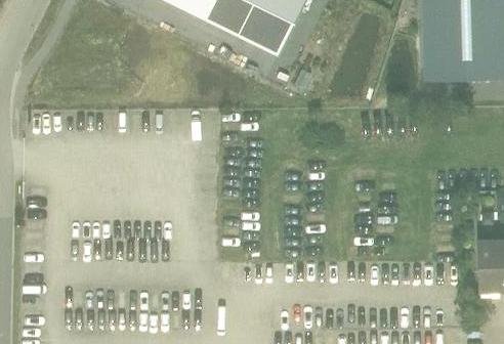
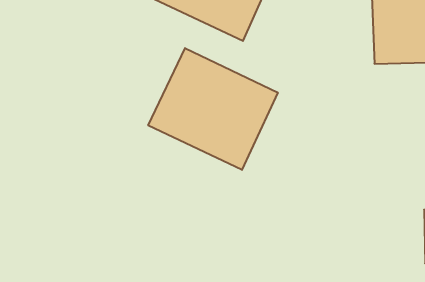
building: none -> [148,48,278,170]

